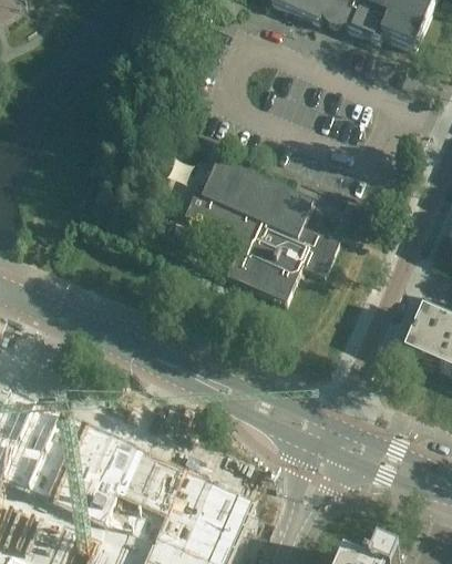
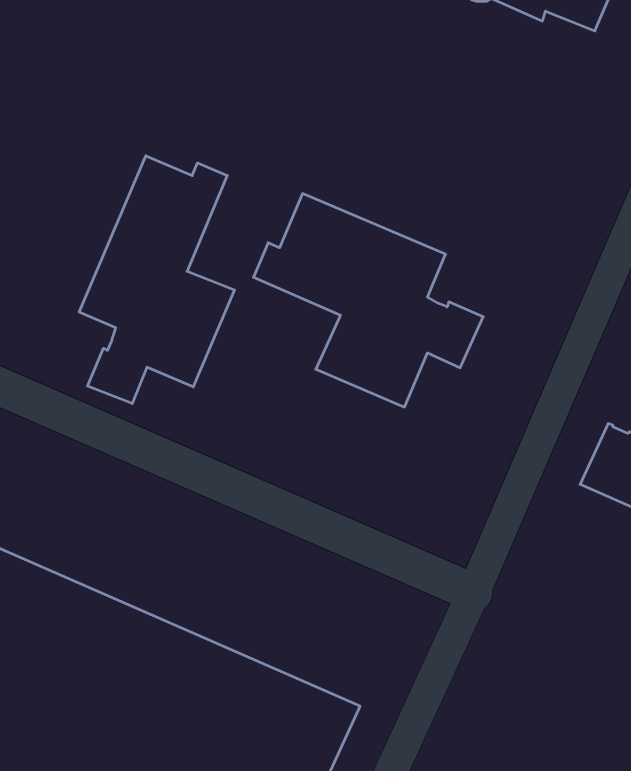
building: none -> [79,156,235,404]

